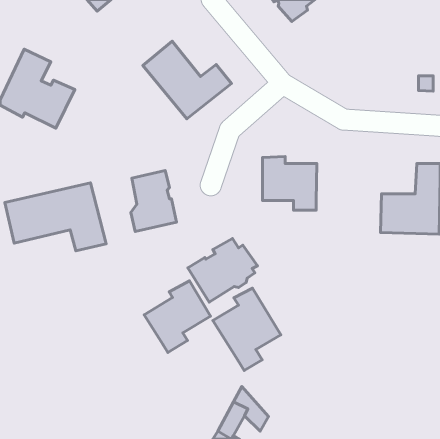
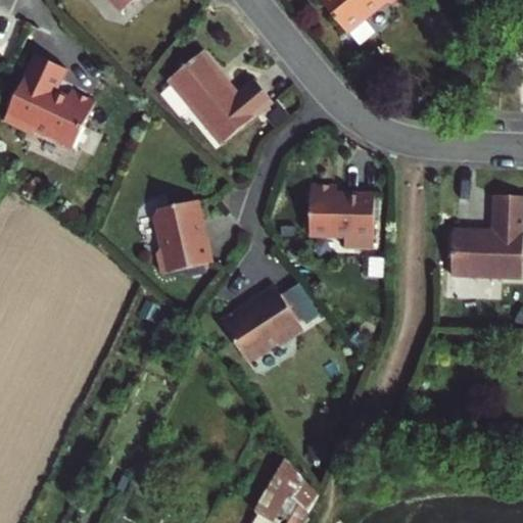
building: [5,183,106,251] -> none
building: [144,281,211,352] -> none
building: [213,288,281,371] -> none

